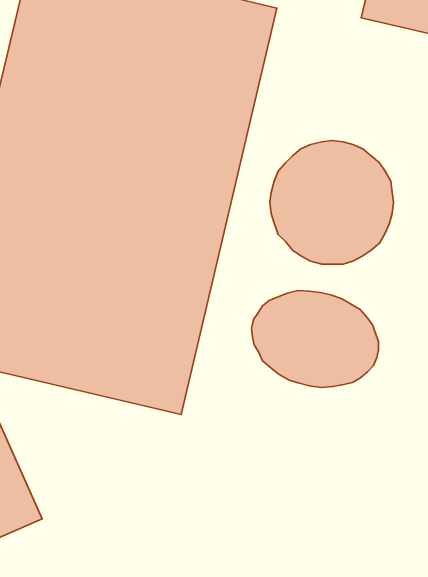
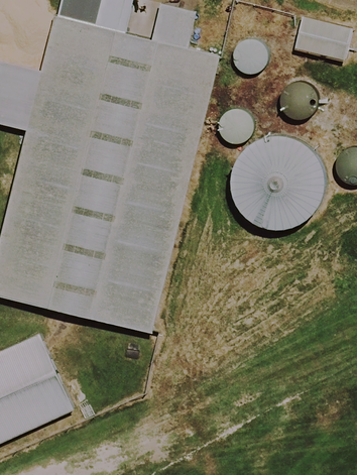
building: [251,291,379,388] -> none

